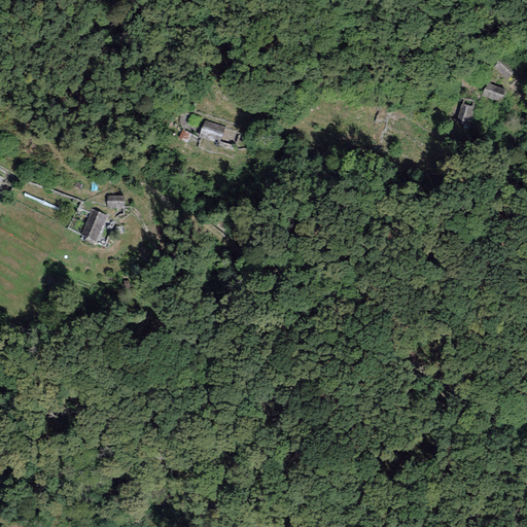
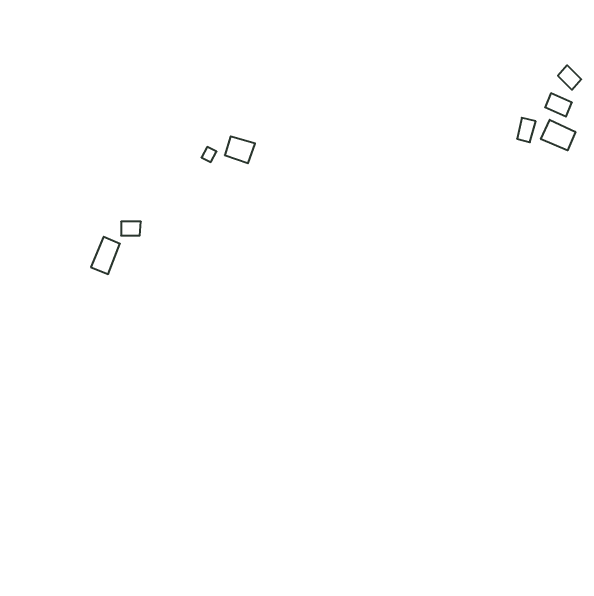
building: none -> [541,120,575,150]

